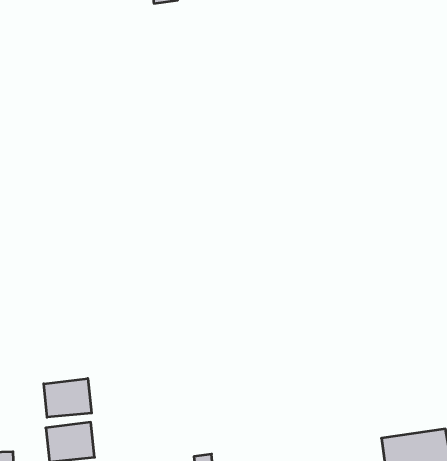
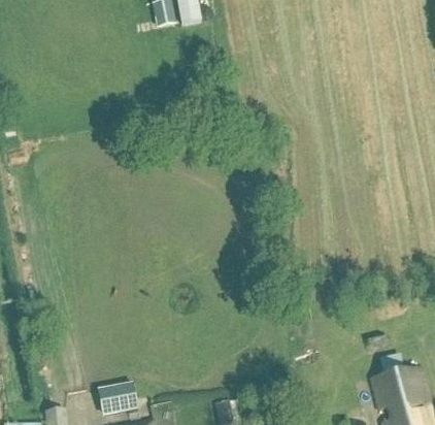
building: [44,378,92,417] -> none

